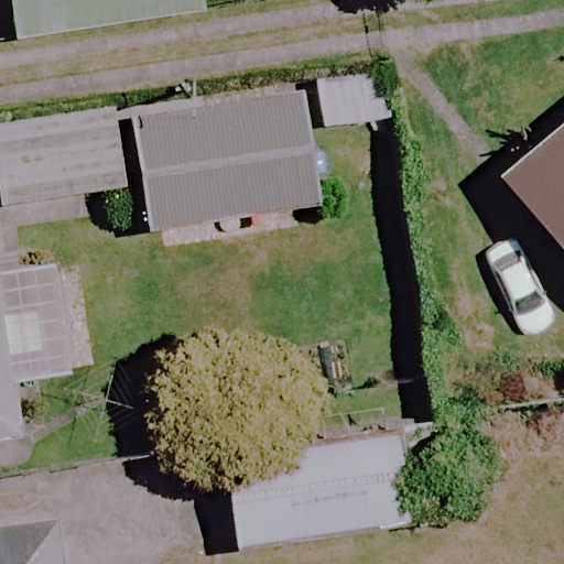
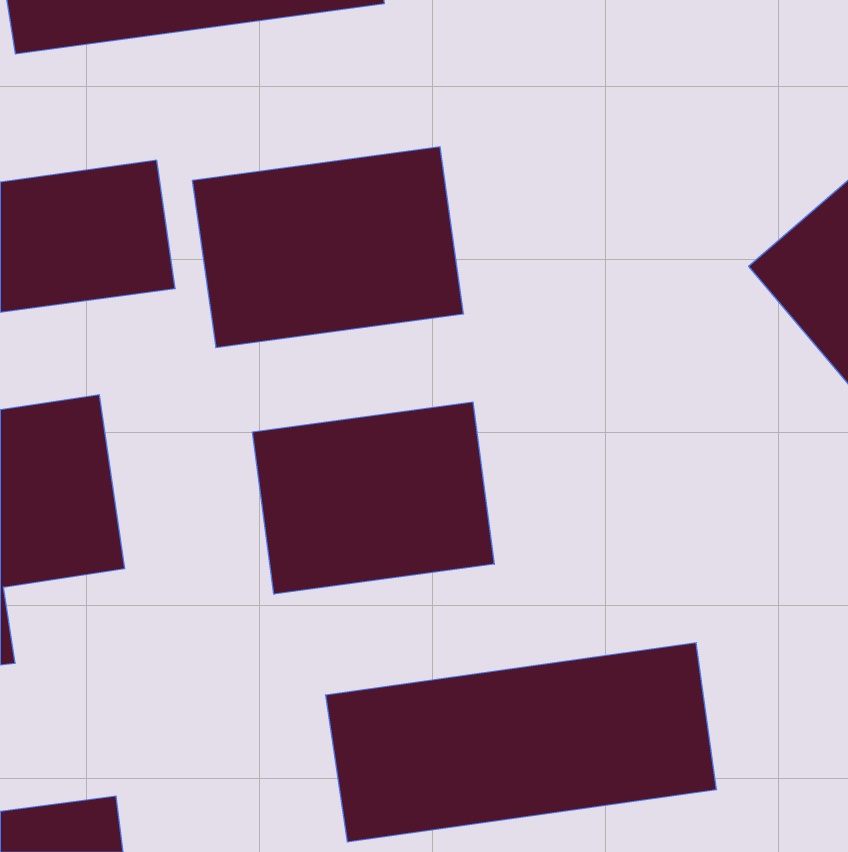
building: none -> [253,402,494,594]

